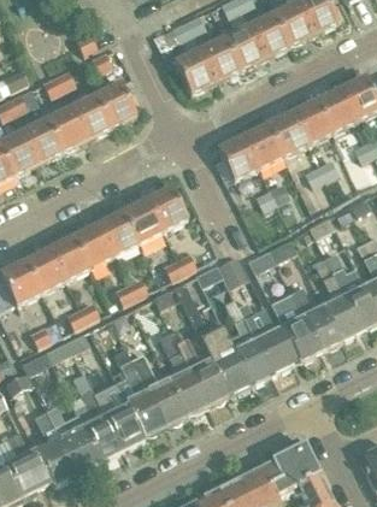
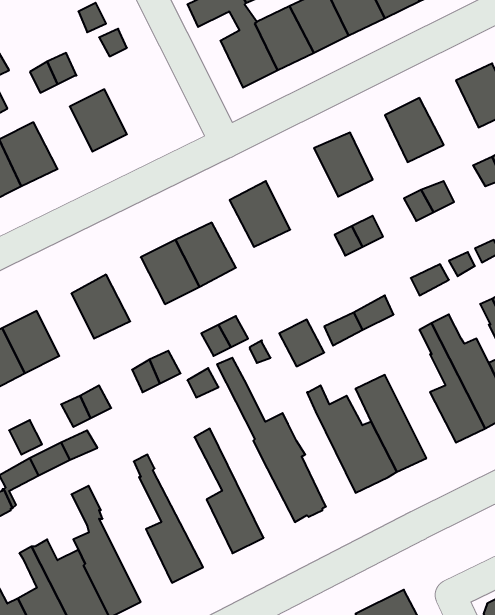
building: [95,82,136,126] -> none
building: [314,89,355,134] -> none
building: [46,107,87,151] -> none
building: [266,113,306,158] -> none
building: [216,136,258,182] -> [230,181,290,247]
building: [96,212,137,257] -> none
building: [48,237,88,281] -> none
building: [290,287,340,352] -> none
building: [224,299,270,385] -> none
building: [169,329,228,407] -> none
building: [129,353,184,428] -> none
building: [92,383,143,452] -> none

